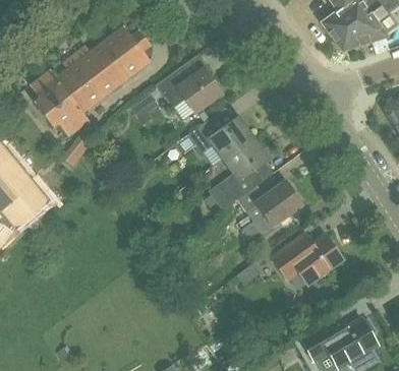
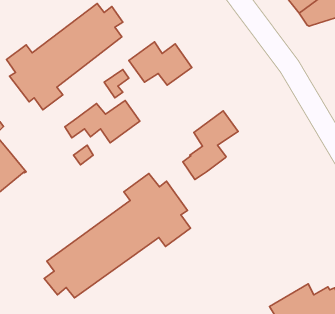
building: [177,116,254,160] -> [65,100,140,143]
building: [237,180,302,245] -> none
building: none -> [44,173,190,298]
building: [273,235,343,285] -> none

